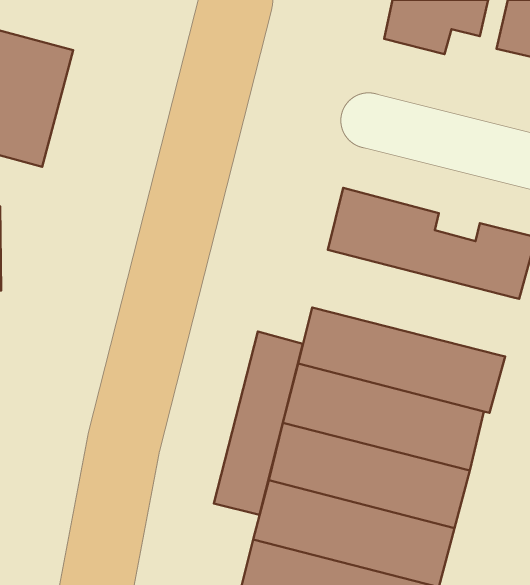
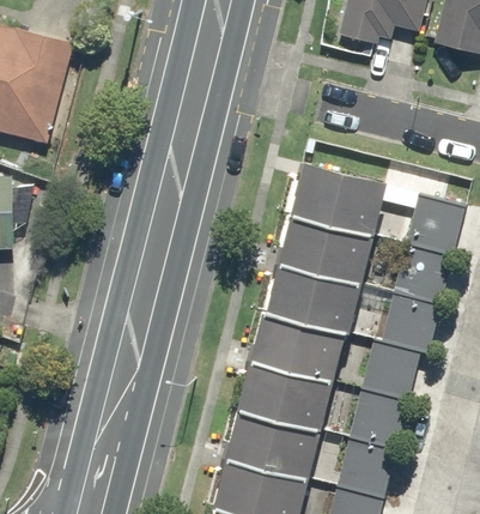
building: none -> [278,213,454,304]
building: [214,331,303,515] -> none

